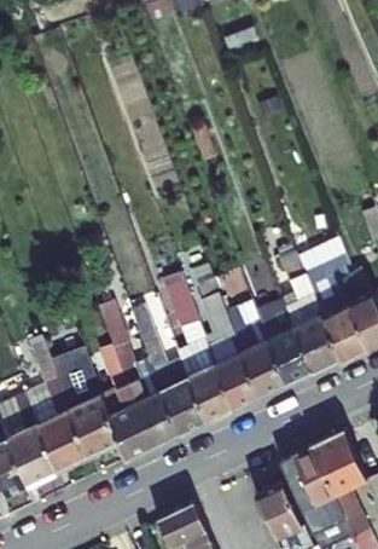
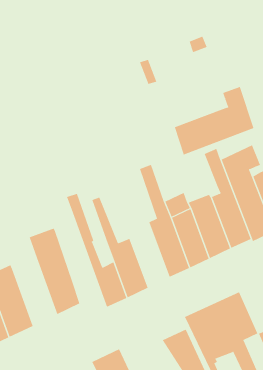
building: none -> [174,86,254,155]
building: [165,271,234,422] -> none
building: [94,320,153,461] -> none
building: [33,340,89,472] -> none

